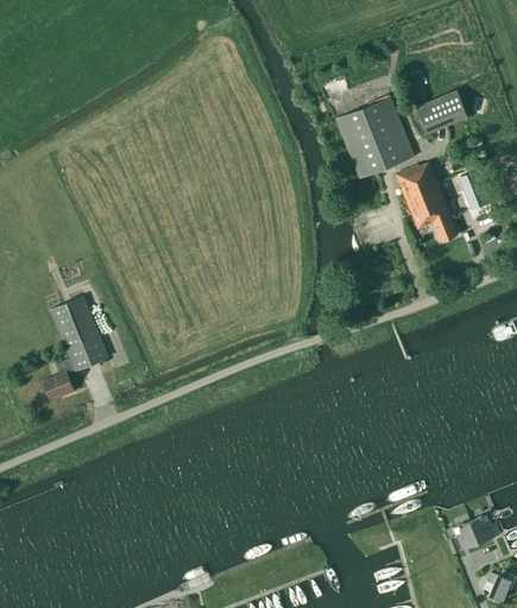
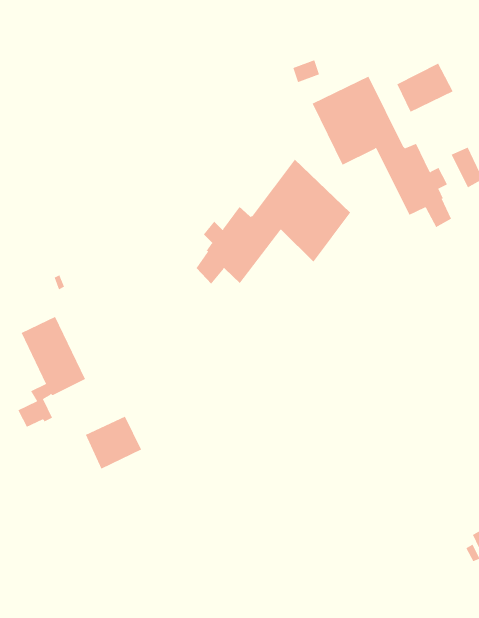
building: none -> [196,159,351,284]
building: none -> [85,416,142,470]

